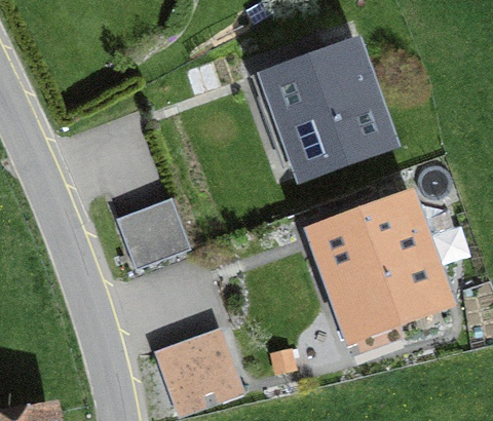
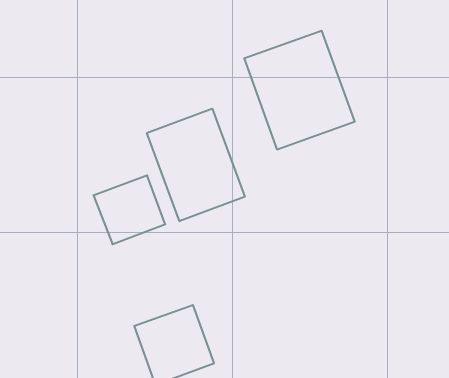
building: none -> [147,109,245,221]
building: [318,201,442,323] -> none

